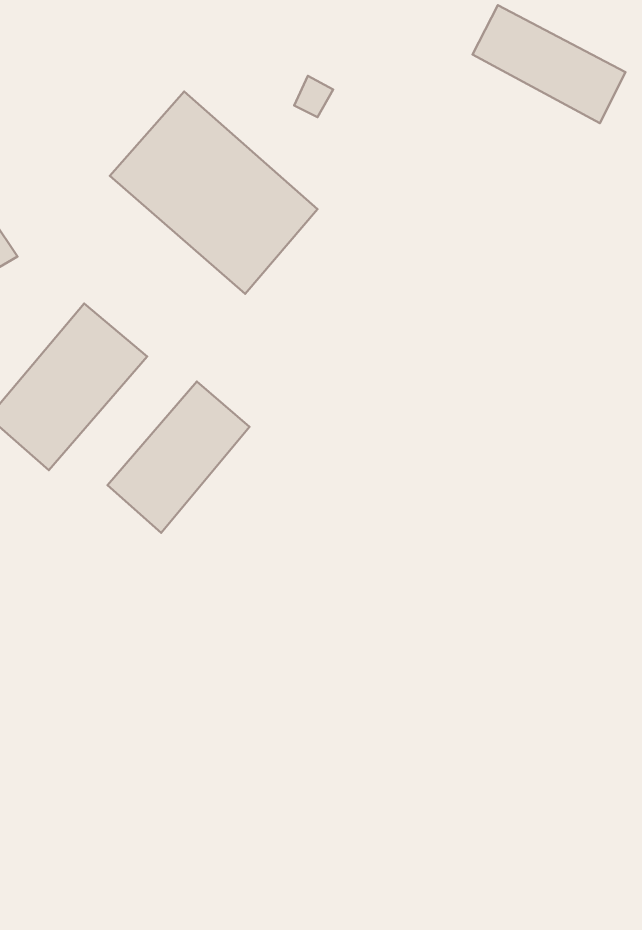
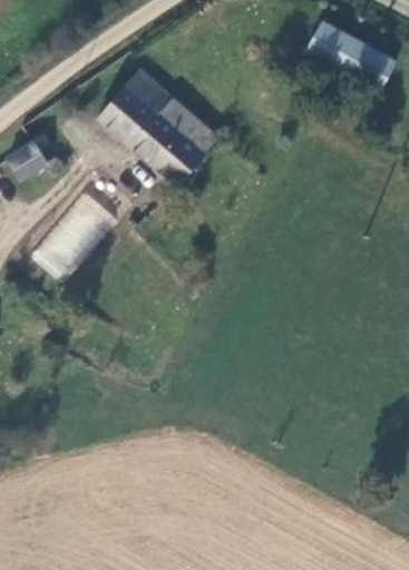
building: [108,381,249,533] -> none

